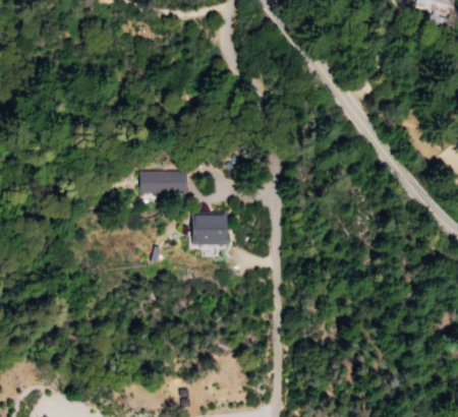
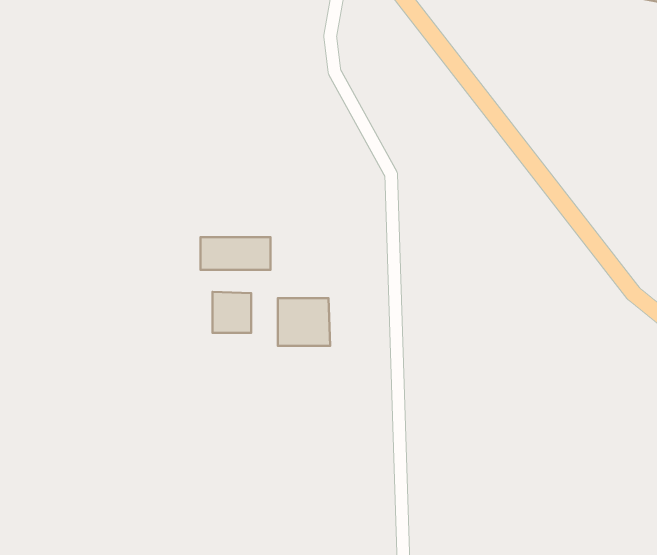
building: none -> [213,292,251,333]

